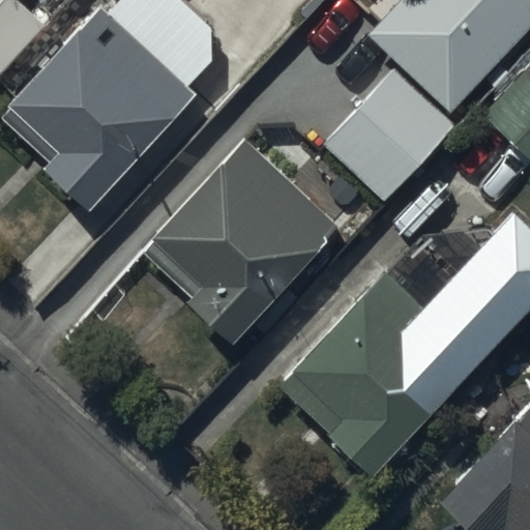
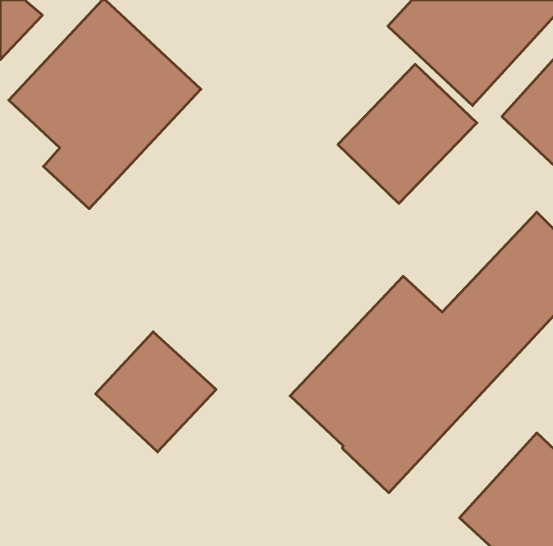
building: [145,138,342,343] -> none
building: none -> [96,332,216,452]

